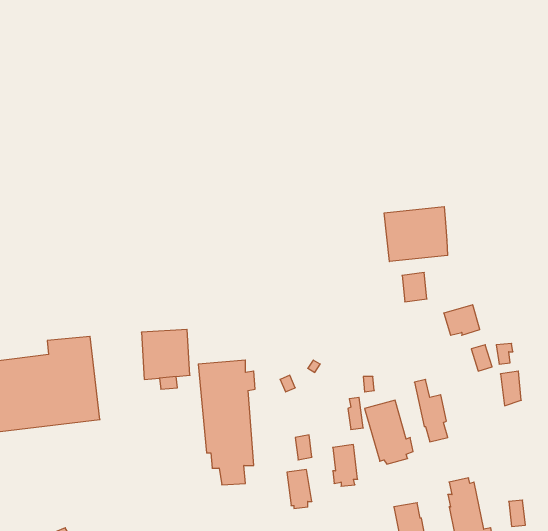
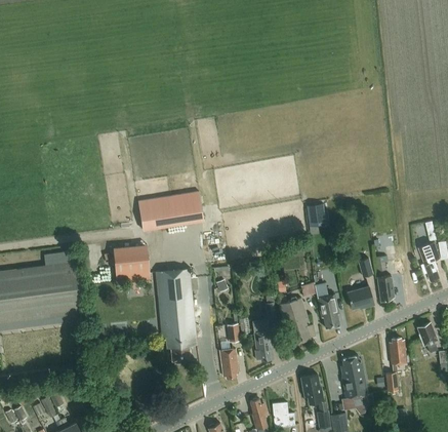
building: [384,207,448,262] -> none
building: none -> [137,191,203,231]
building: [444,305,480,335] -> [347,286,373,309]
building: none -> [389,338,406,365]

